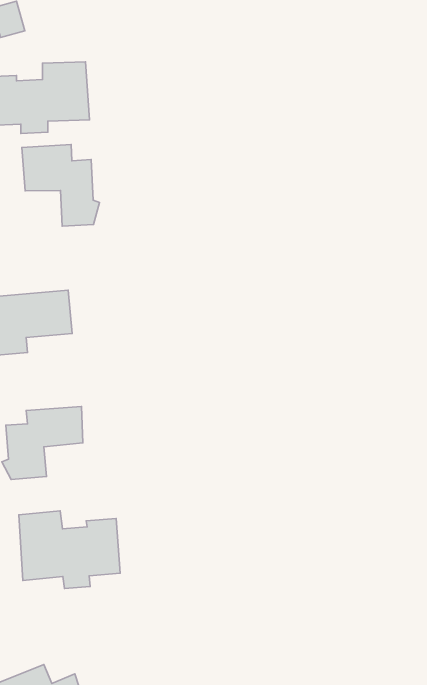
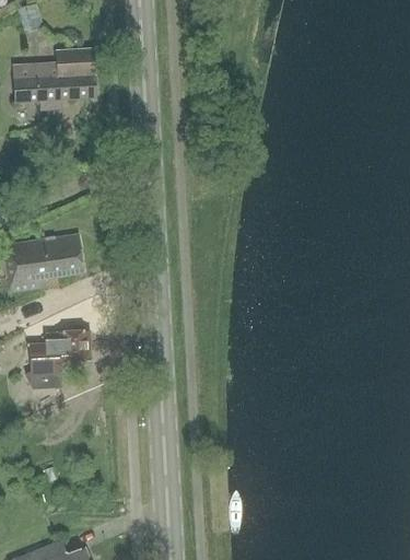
building: [22,145,100,226] -> none
building: [19,511,120,588] -> none

